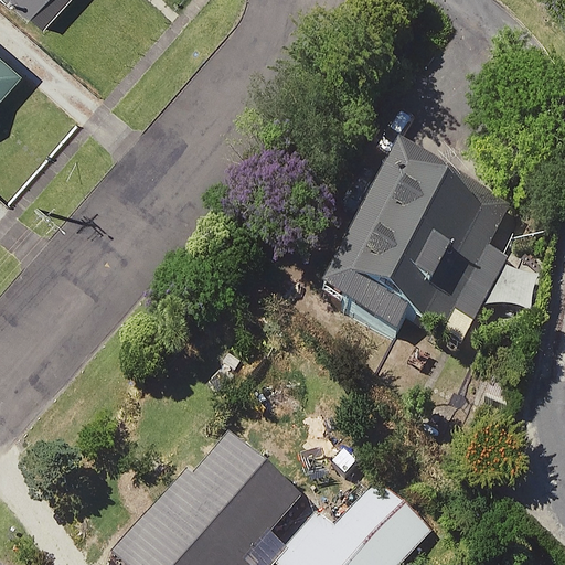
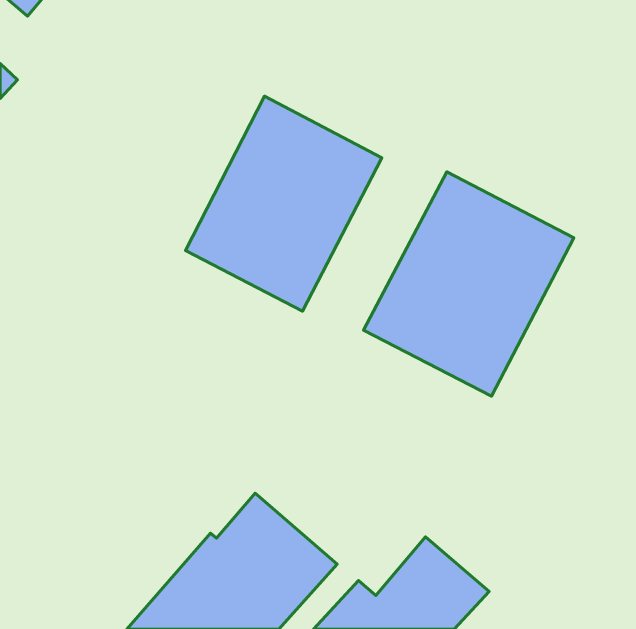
building: none -> [186,96,382,311]

